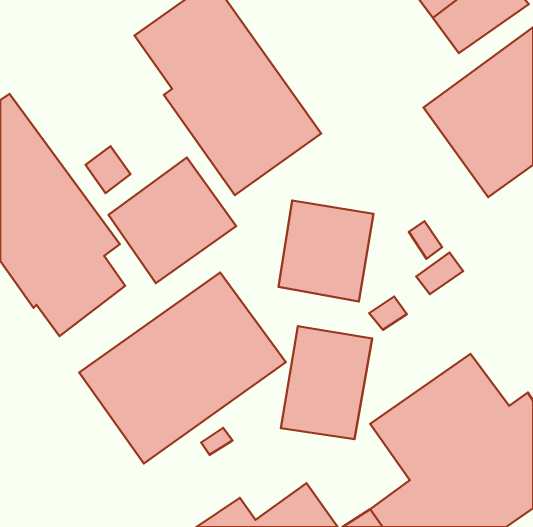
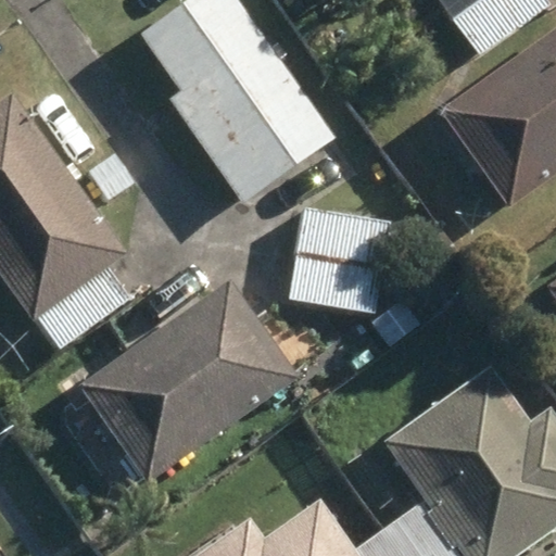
building: [108,157,236,283] -> none
building: [281,326,372,439] -> none

